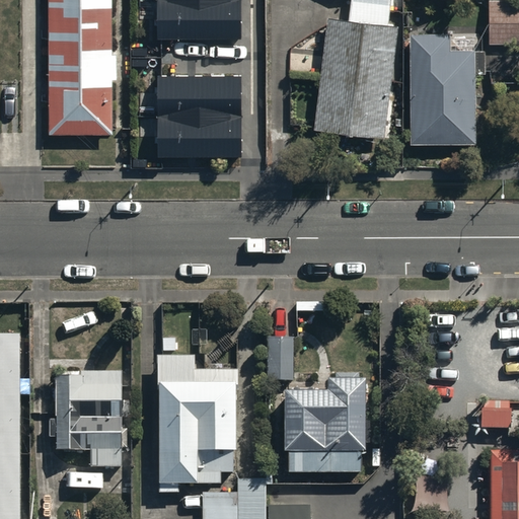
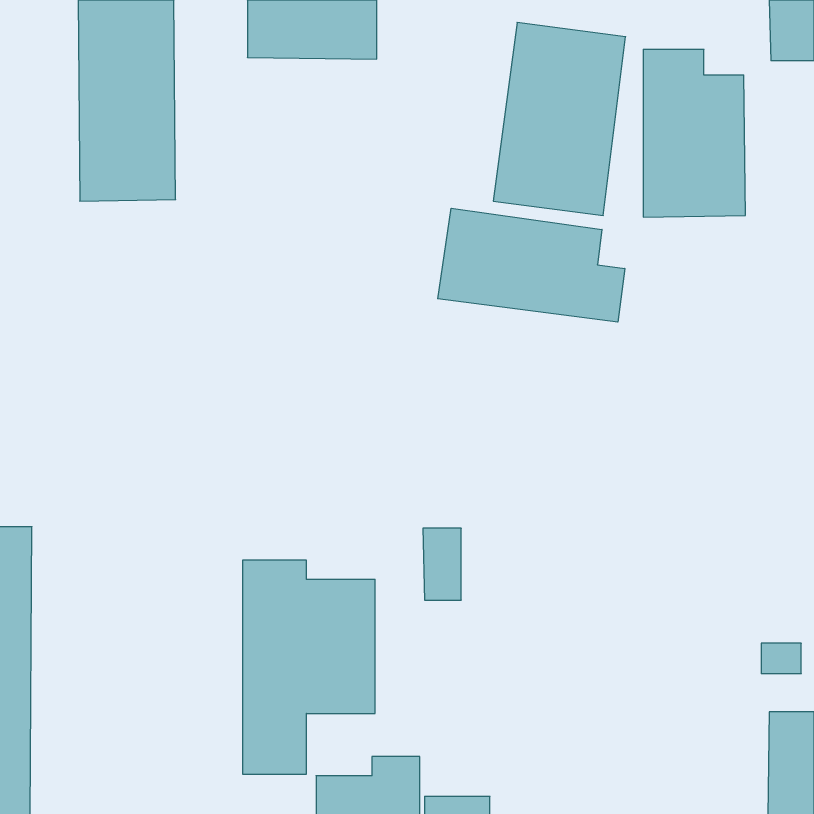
building: [159,74,240,156] -> none
building: none -> [438,208,625,322]
building: [57,372,122,464] -> none
building: [283,380,367,477] -> none

